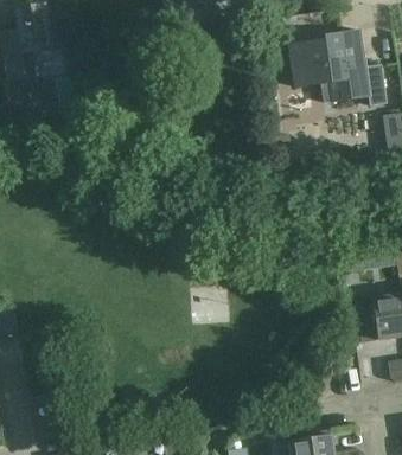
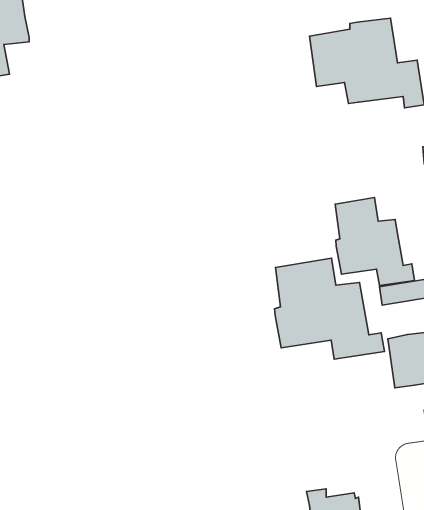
building: none -> [335,198,415,286]
building: none -> [275,258,384,359]

